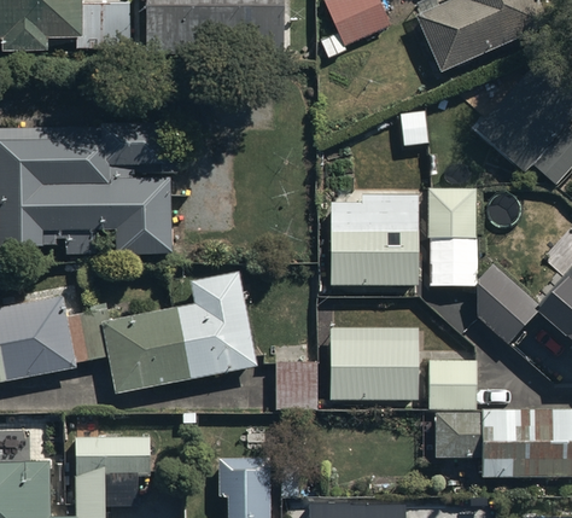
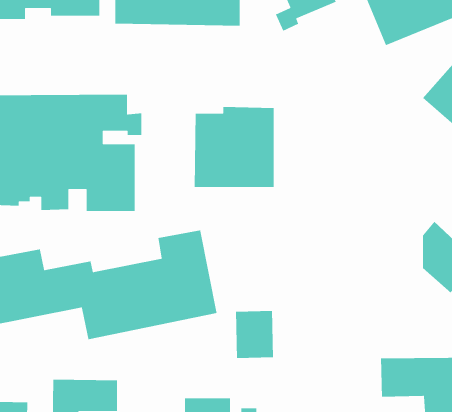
building: [427,186,479,286] -> none
building: [329,193,418,283] -> [194,106,275,188]
building: [328,328,419,400] -> none
building: [427,361,478,408] -> none

